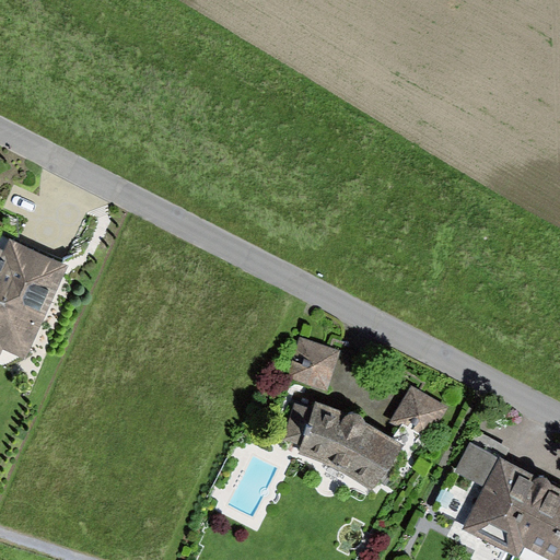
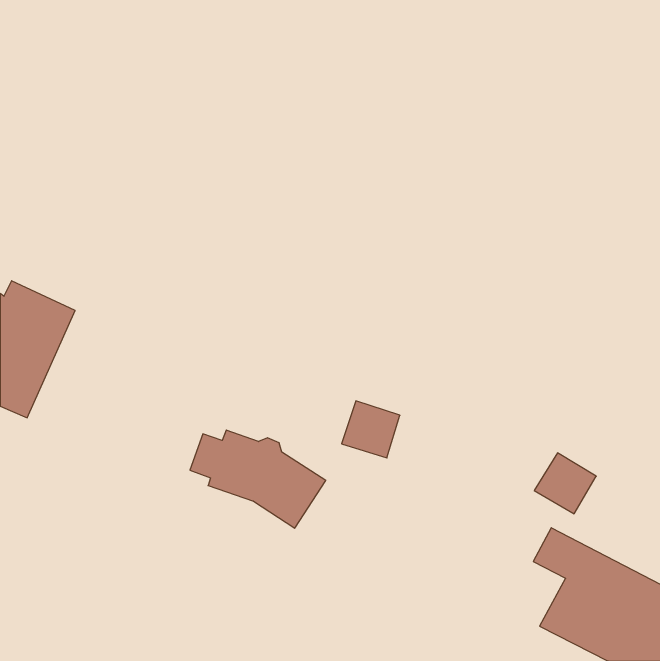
building: [394,386,446,438] -> [534,453,596,514]
building: [285,402,400,486] -> [190,430,326,528]

